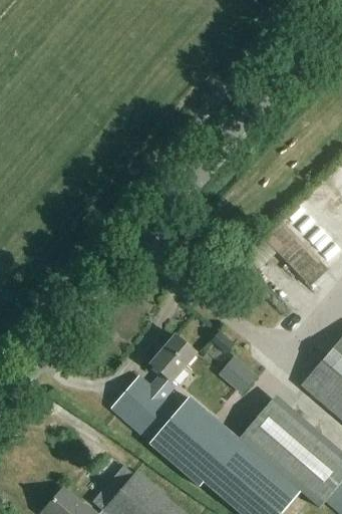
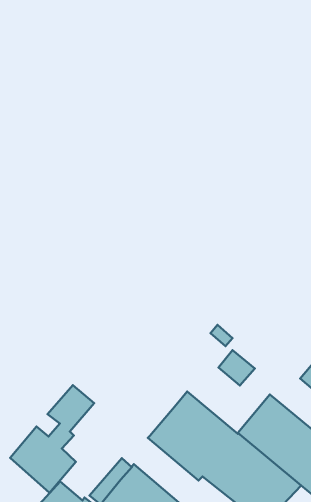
building: [113,335,197,443] -> [10,385,94,493]

